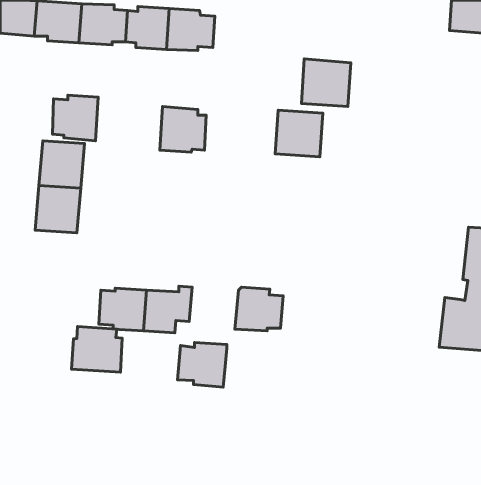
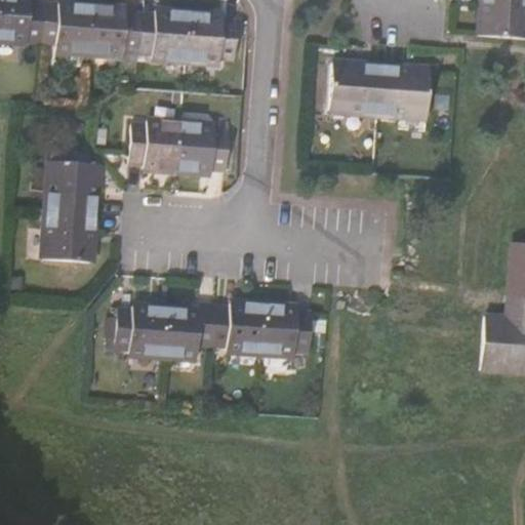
building: [53,95,98,141] -> [131,114,180,163]
building: [275,110,323,157] -> [380,69,432,119]
building: [71,326,122,372] -> none
building: [177,343,227,387] -> [209,308,262,356]

